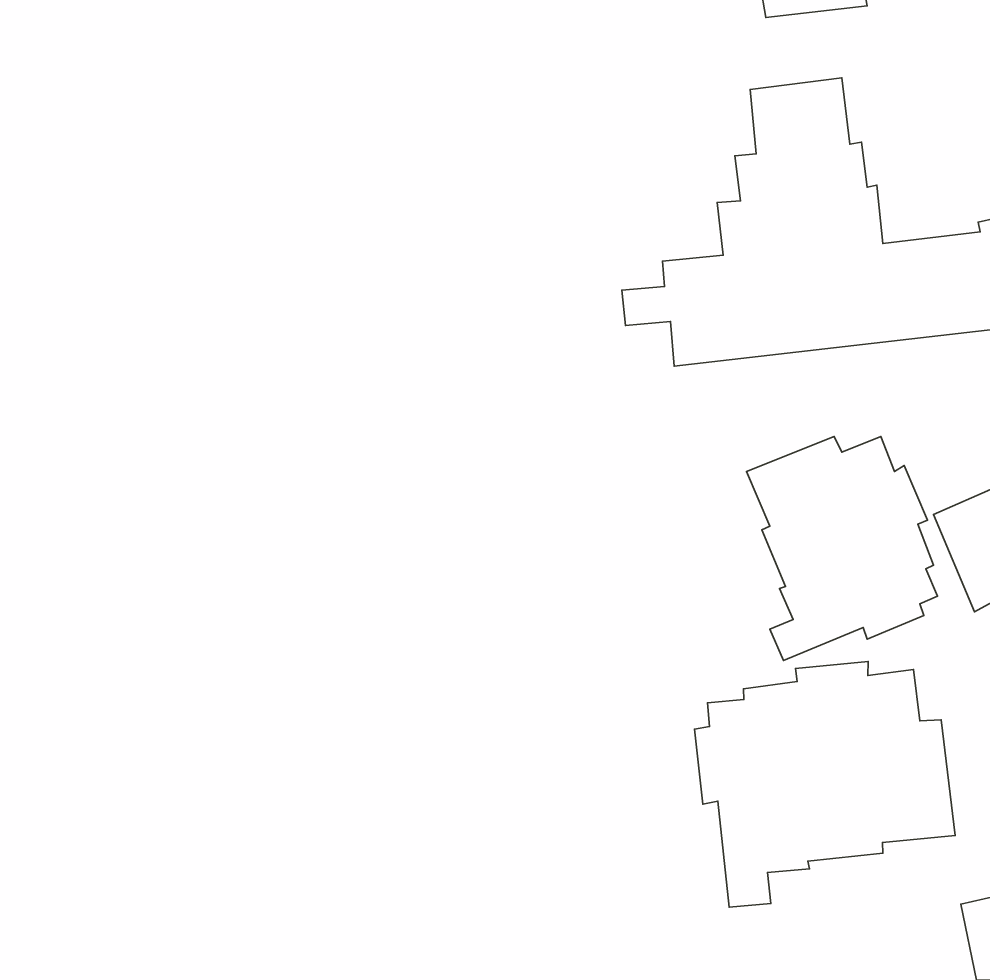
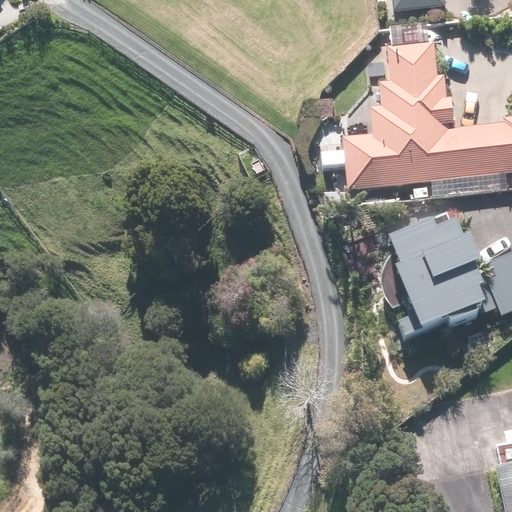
building: [695,662,955,907] -> none

